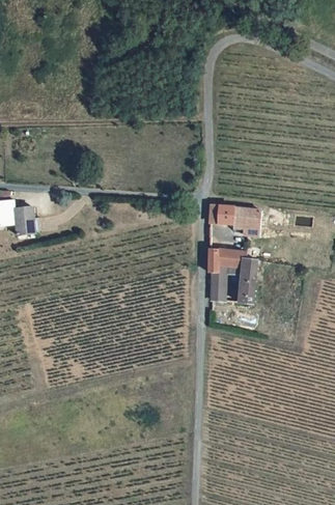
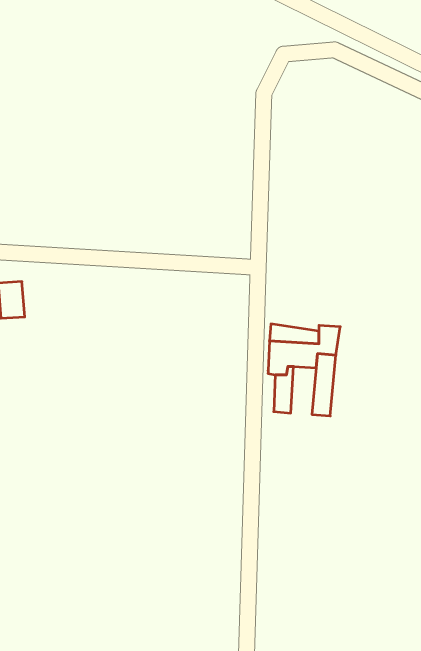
building: [213,208,267,237] -> none

